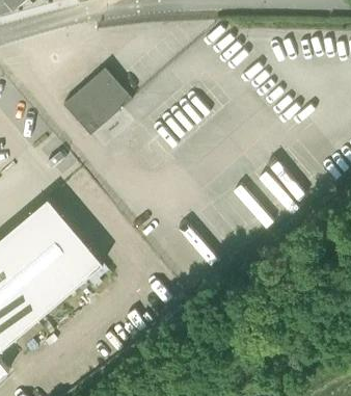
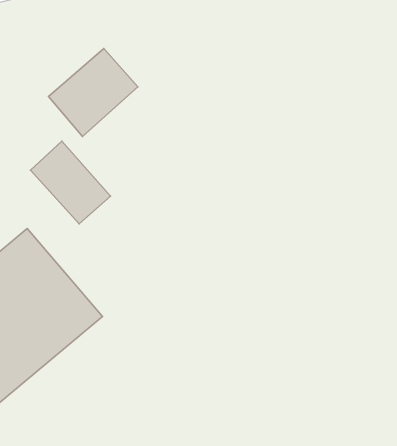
building: none -> [31,141,110,224]

